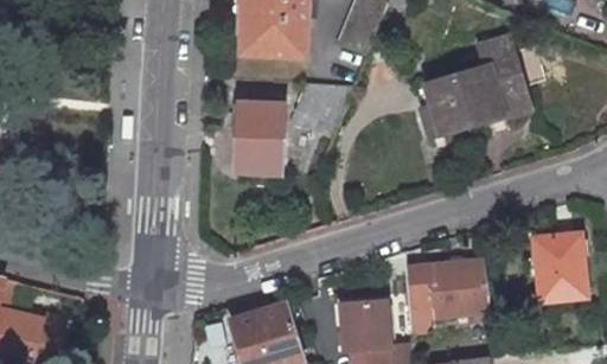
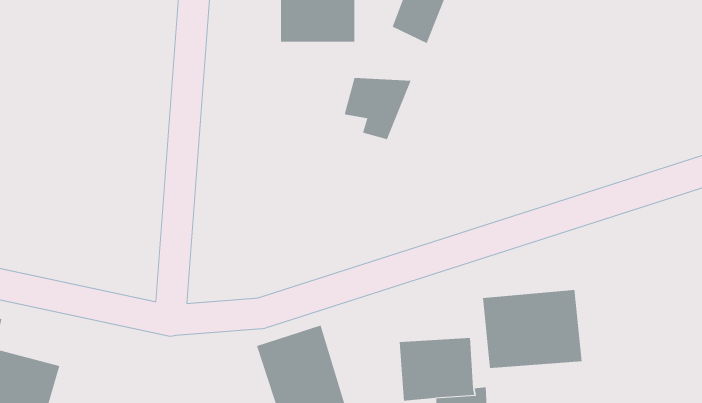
building: [426,37,528,132] -> none
building: [234,103,281,173] -> none
building: [531,234,580,301] -> none

